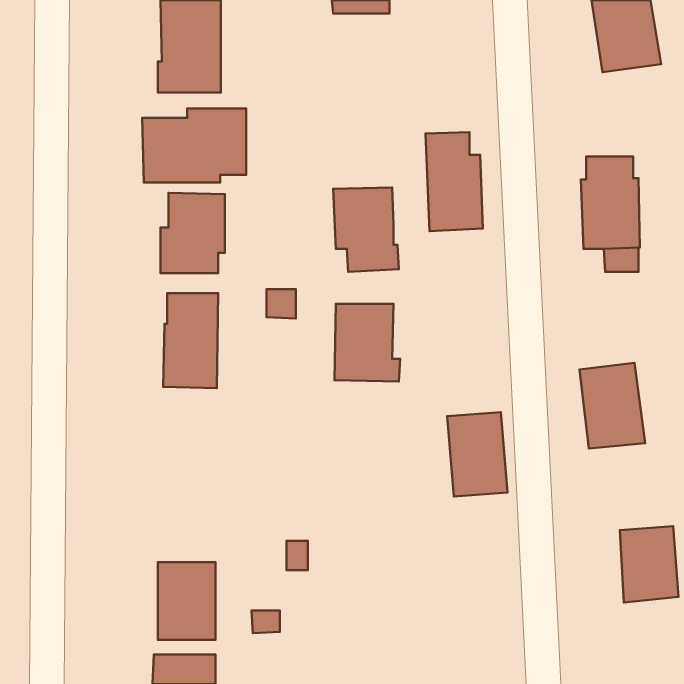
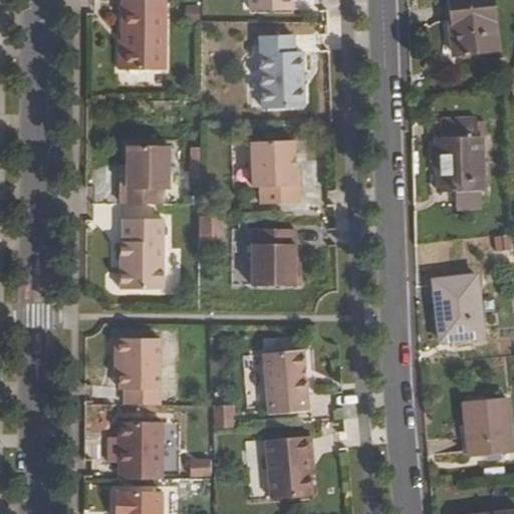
building: [142,109,246,182] -> none
building: [425,132,483,231] -> [260,34,303,108]
building: [447,412,507,497] -> [263,350,308,414]
building: none -> [114,337,160,406]
building: none -> [266,436,312,499]

